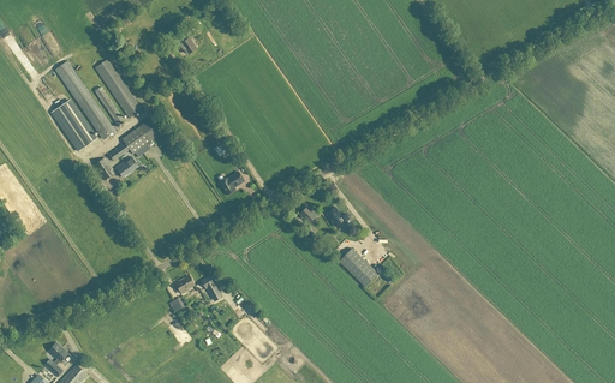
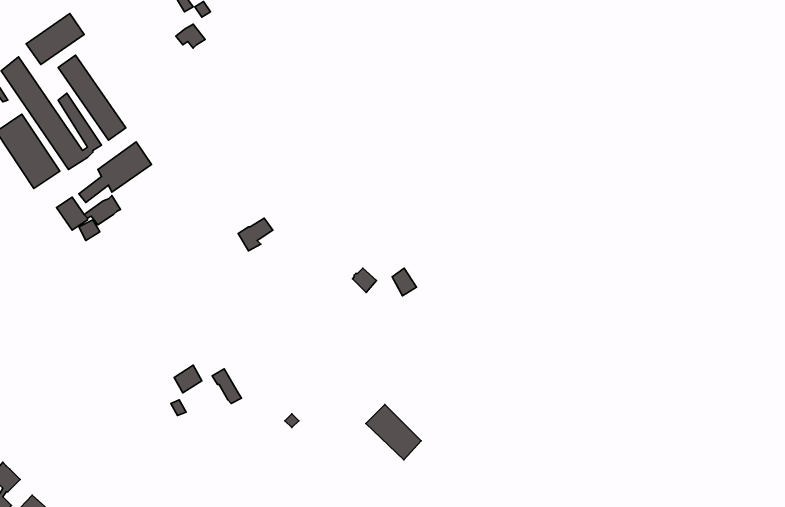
building: none -> [26,14,84,65]
building: [338,247,376,286] -> [366,404,421,460]

